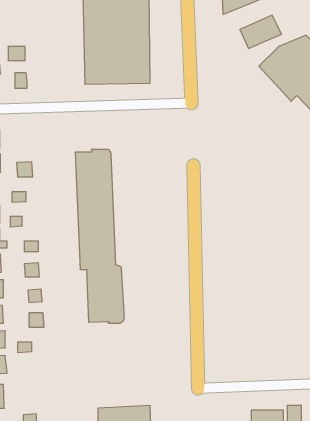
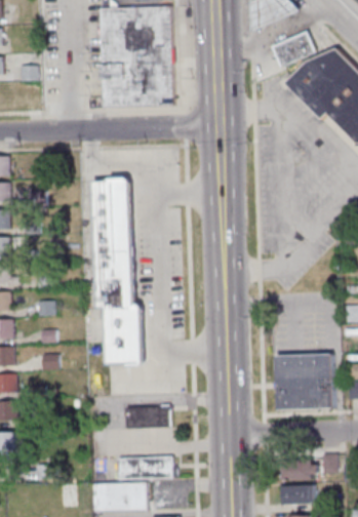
building: none -> [277,352,334,409]
building: none -> [124,405,170,428]

